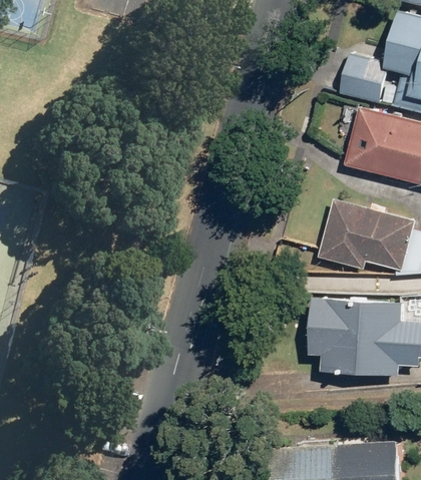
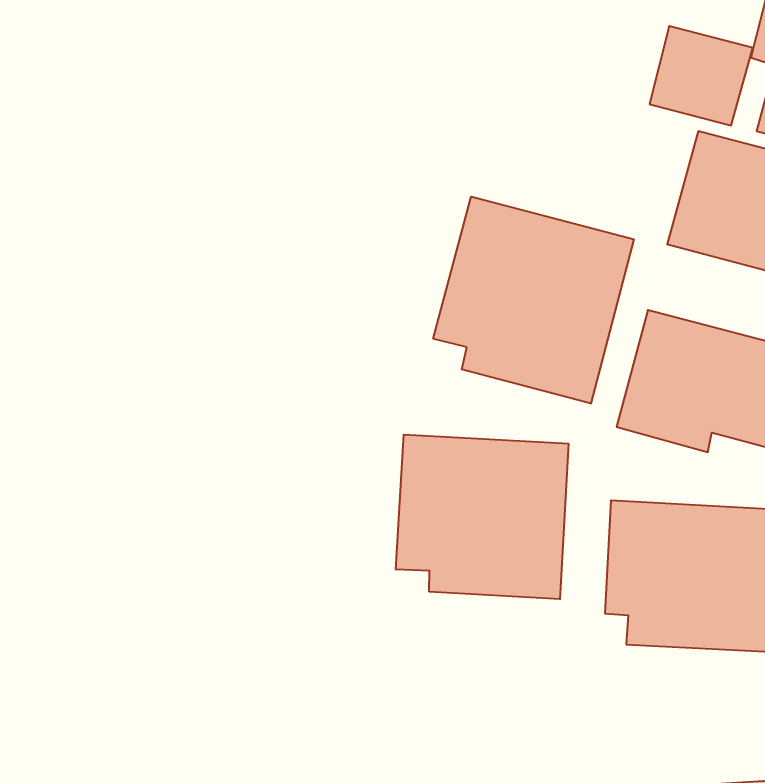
building: none -> [433,197,634,404]
building: none -> [396,435,568,599]

